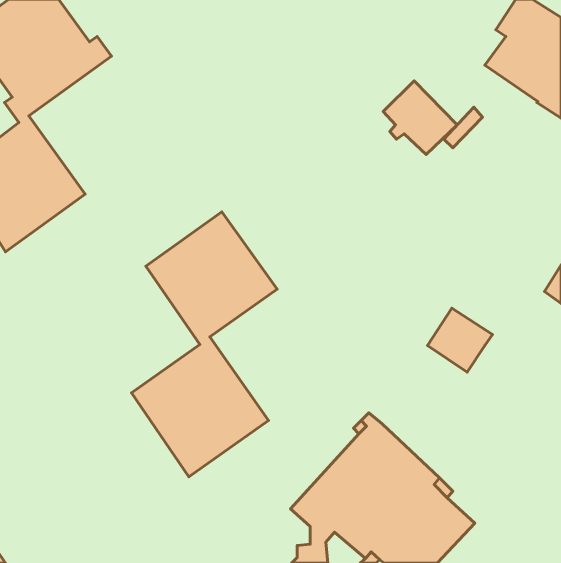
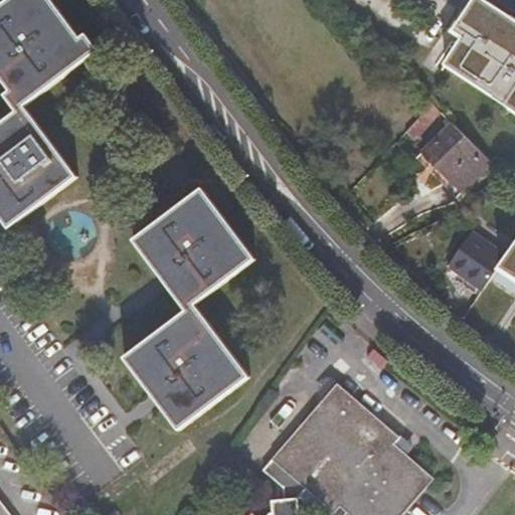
building: [383,81,457,155] -> [420,116,488,183]
building: [427,308,493,372] -> [444,231,503,290]

